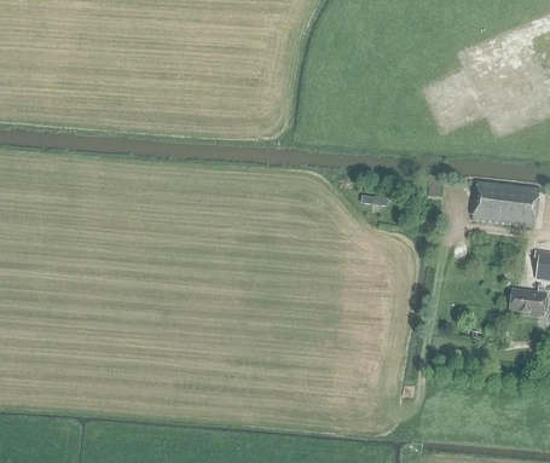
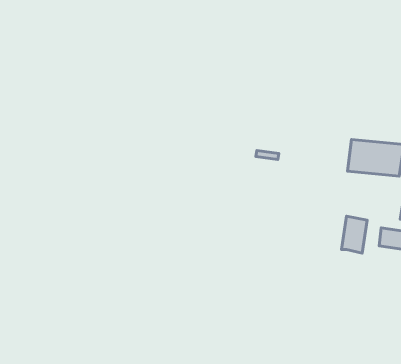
building: none -> [342,216,367,253]

